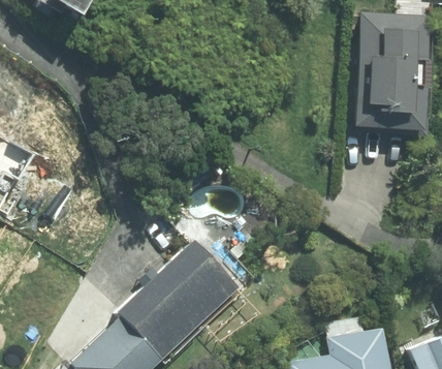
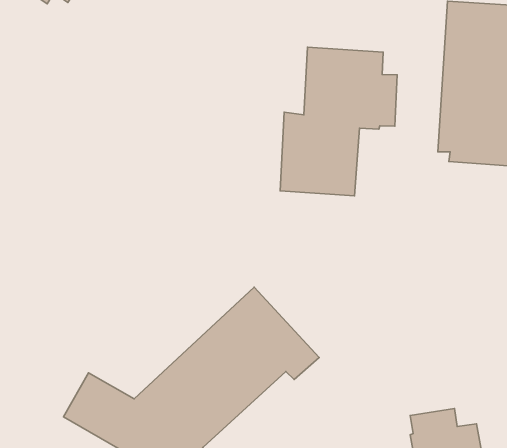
building: none -> [280,47,397,196]

